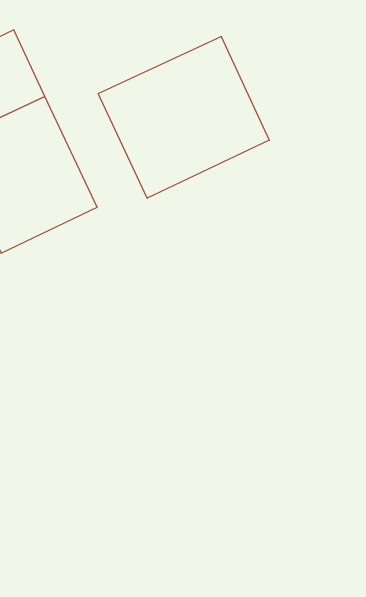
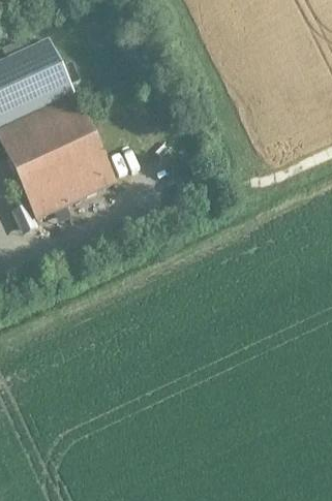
building: [98,36,269,198] -> none

